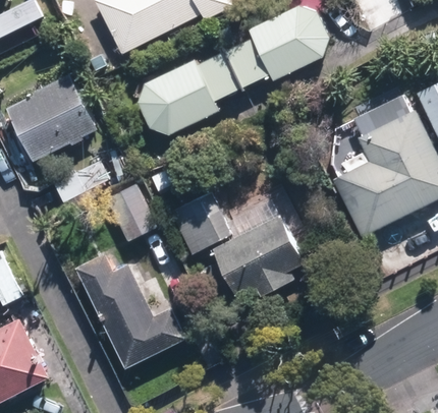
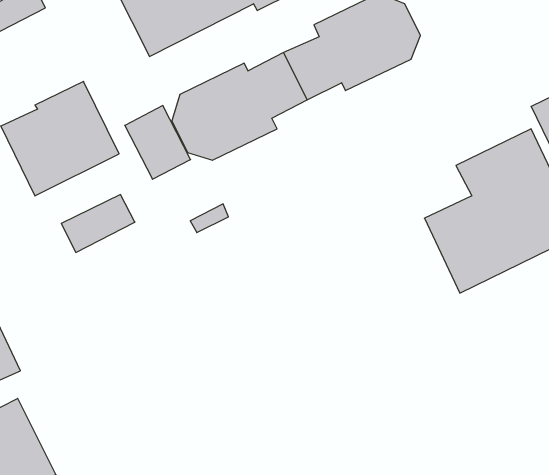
building: [106,184,157,241] -> [125,106,191,179]
building: [165,189,299,298] -> none
building: [76,254,187,368] -> none

